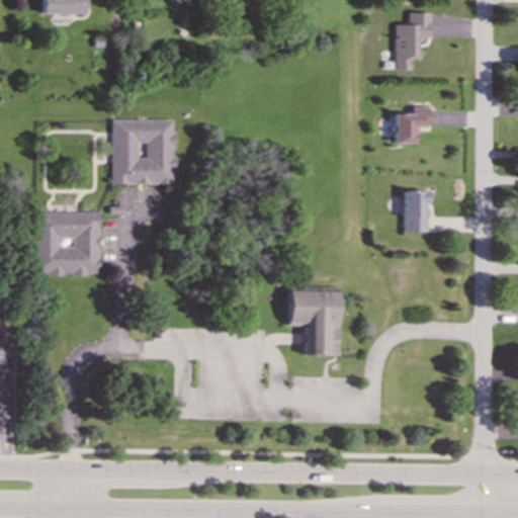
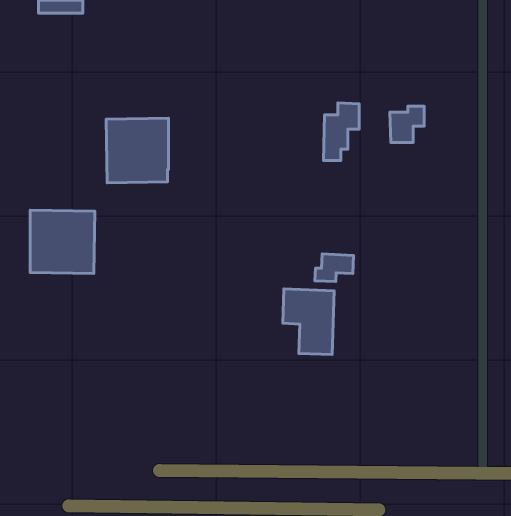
building: [396,11,431,69] -> [324,103,359,160]
building: [405,190,429,232] -> none
building: none -> [315,254,353,282]

